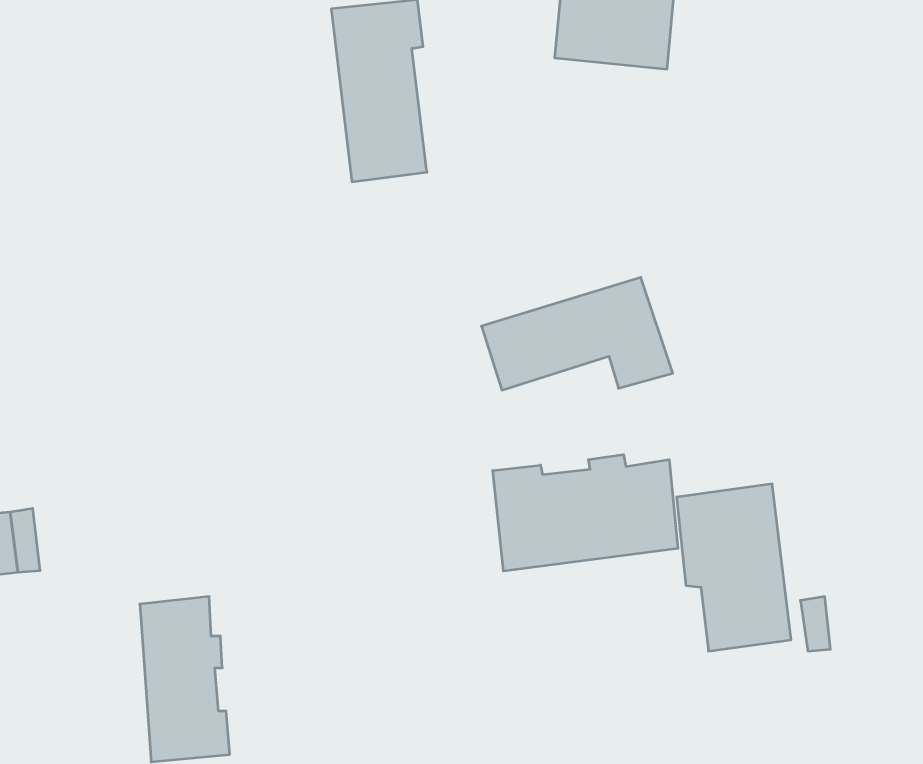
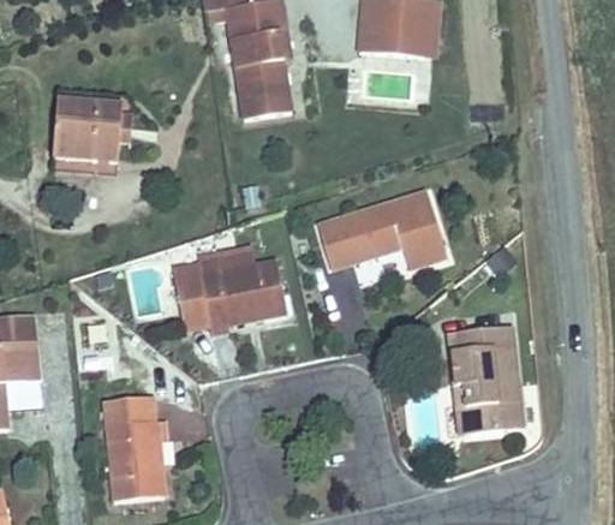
building: none -> [56,97,142,165]
building: none -> [169,259,283,329]
building: [493,455,678,571] -> none

